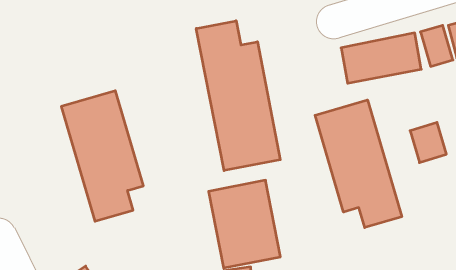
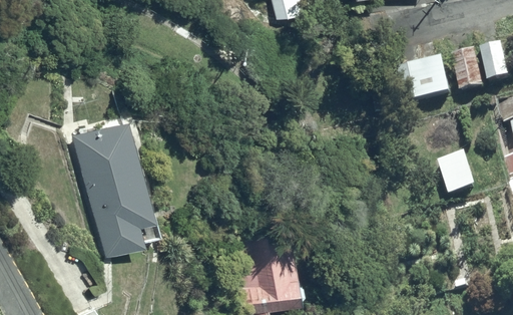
building: [196,21,280,171] -> none
building: [315,100,402,228] -> none

